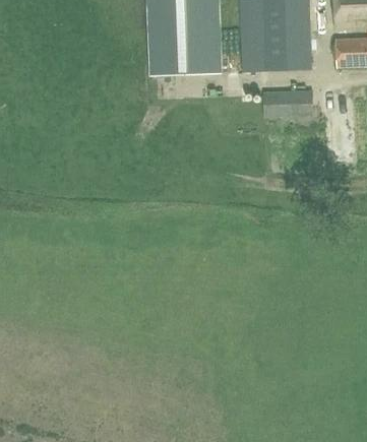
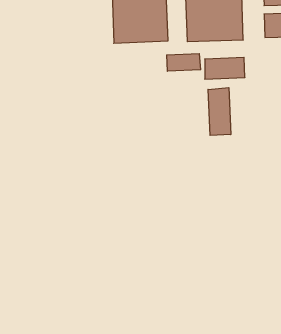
building: none -> [167,54,201,71]
building: none -> [208,88,231,135]

